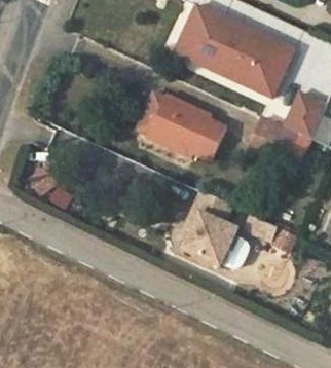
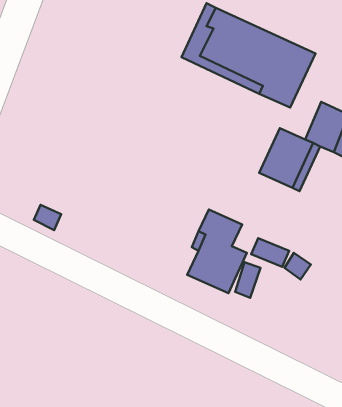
building: [135,93,225,160] -> none

